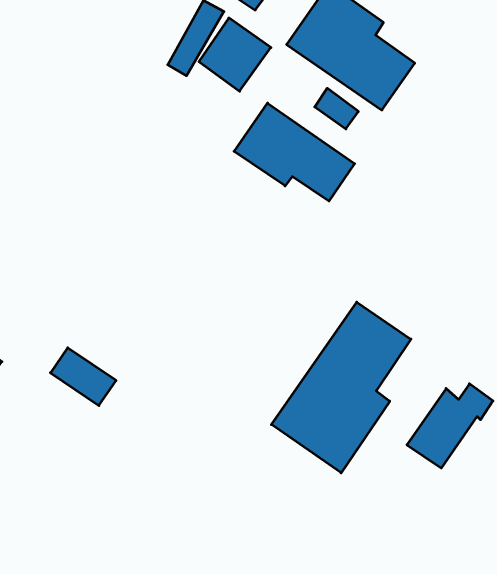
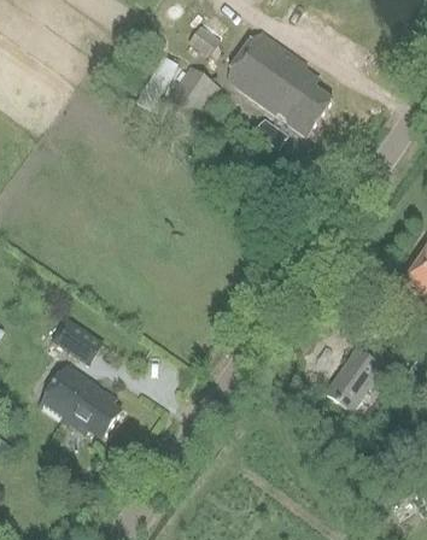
building: [234,103,355,201] -> none
building: [271,302,411,473] -> none
building: none -> [37,363,119,436]

